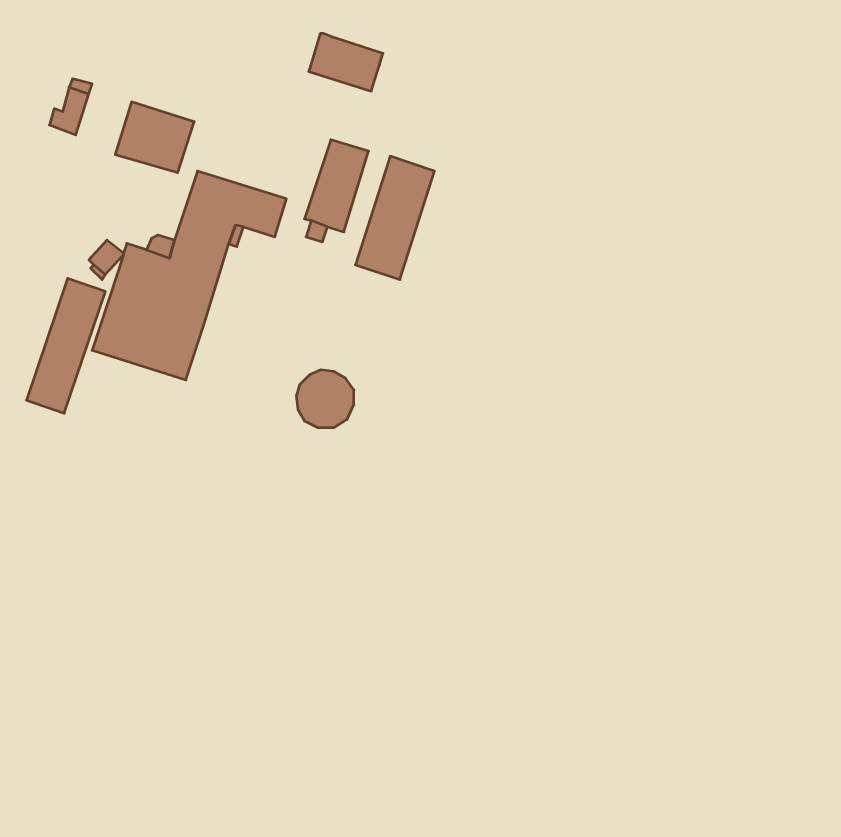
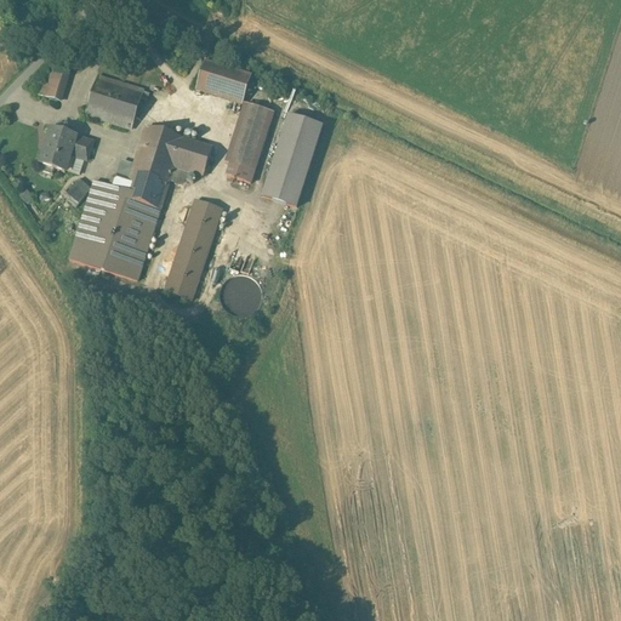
building: [309,34,383,91] -> [195,61,250,103]
building: none -> [39,126,92,172]
building: [26,278,105,413] -> [164,200,222,300]

